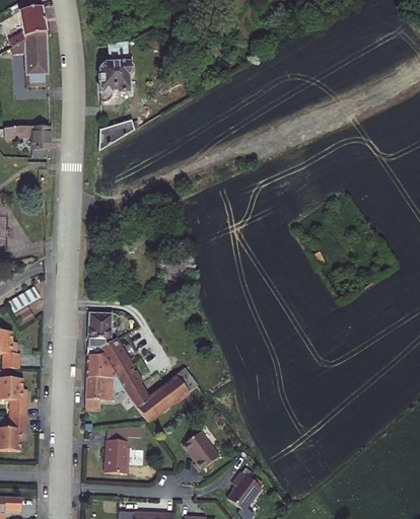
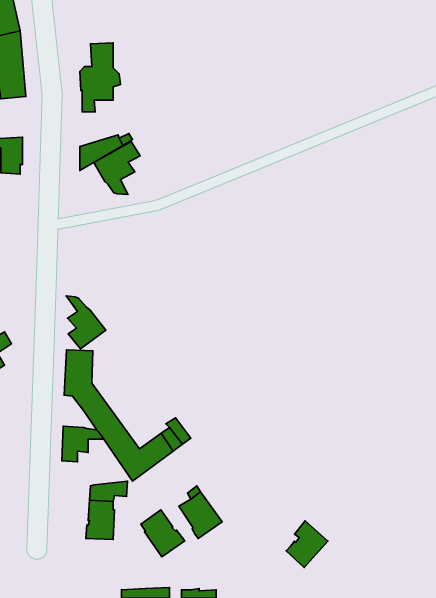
building: none -> [94,142,140,194]
building: none -> [66,296,106,349]
building: [84,346,113,375] -> none
building: none -> [141,510,185,557]
building: [224,471,260,511] -> [286,521,328,567]

